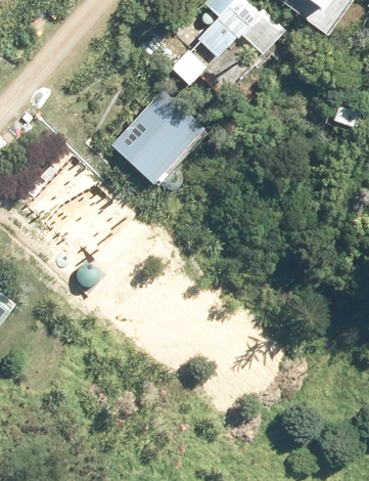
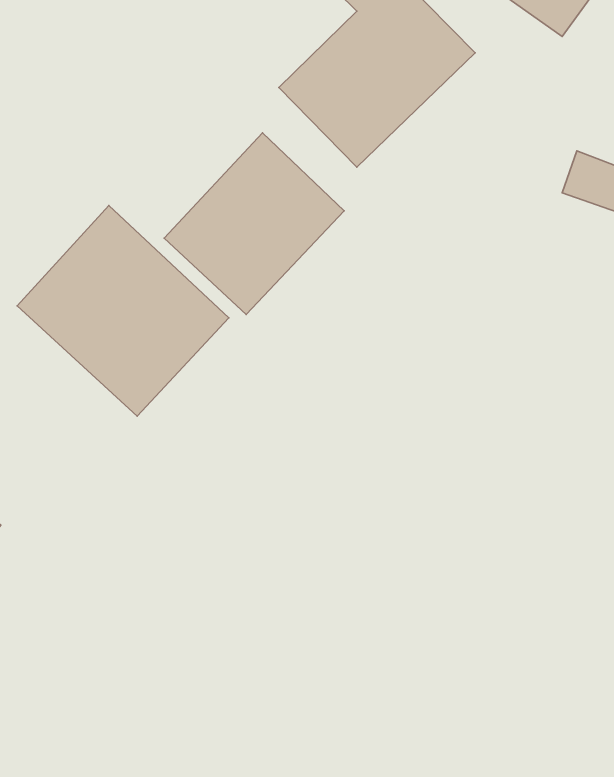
building: none -> [17,206,229,416]

